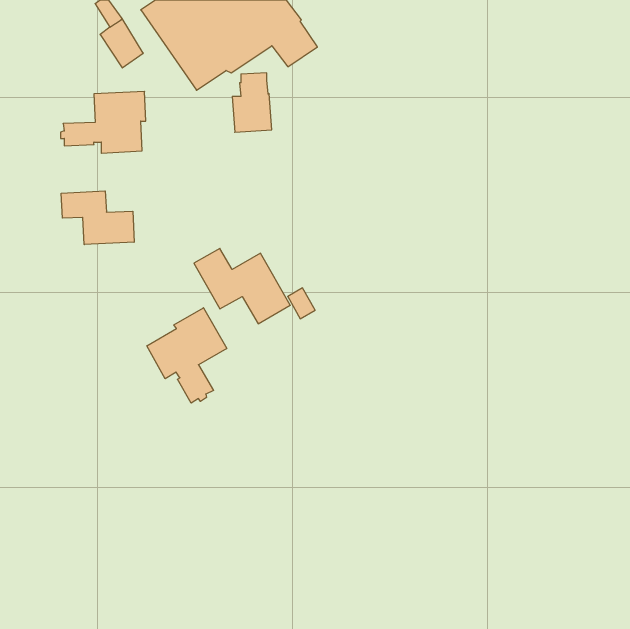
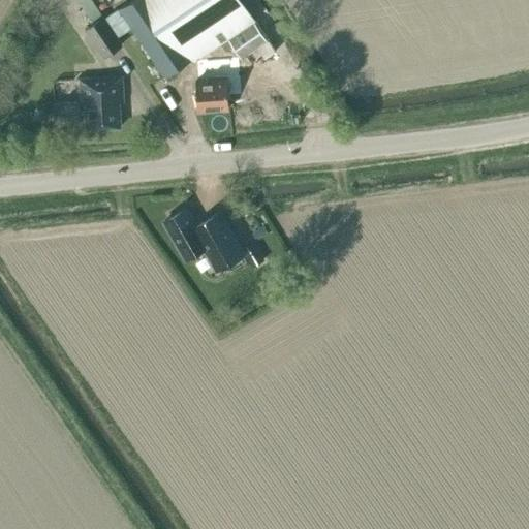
building: [61,191,134,245] -> none
building: [147,308,227,403] -> none

